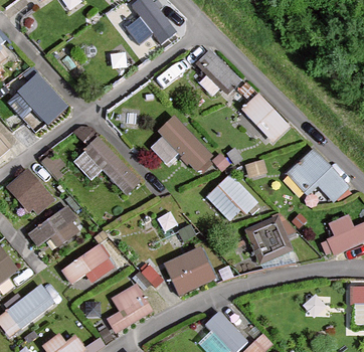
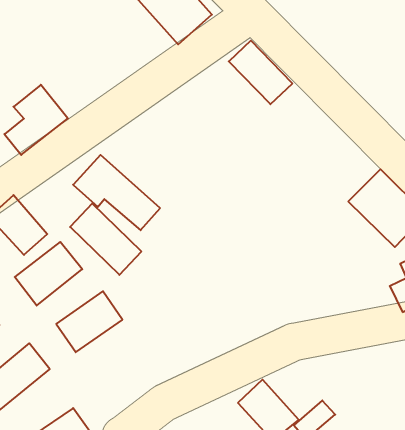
building: [237,92,288,141] -> none
building: [154,115,209,170] -> [70,204,141,275]
building: [208,174,257,223] -> none
building: [246,216,295,265] -> none
building: [162,245,212,294] -> none
building: [106,283,151,332] -> none

